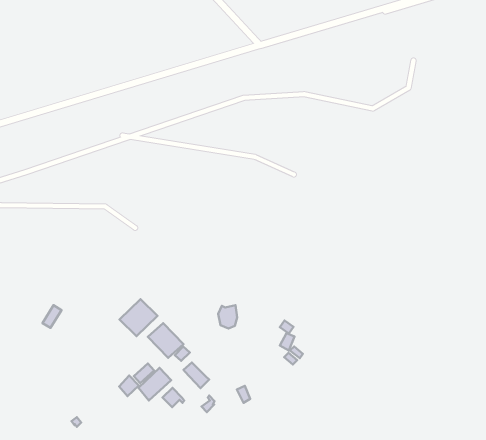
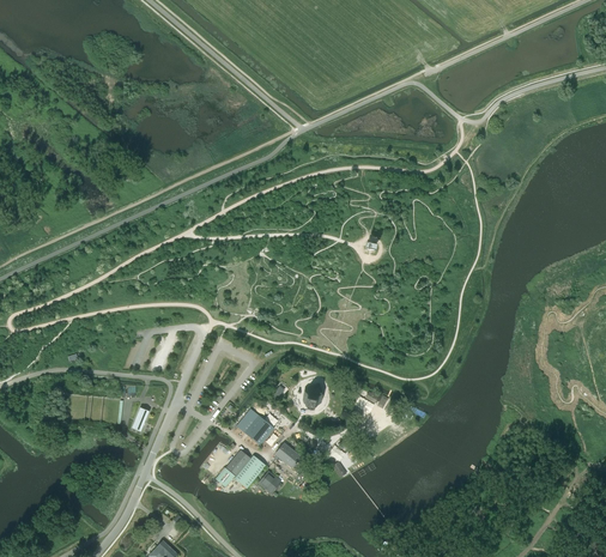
building: [119,299,158,336] -> none

